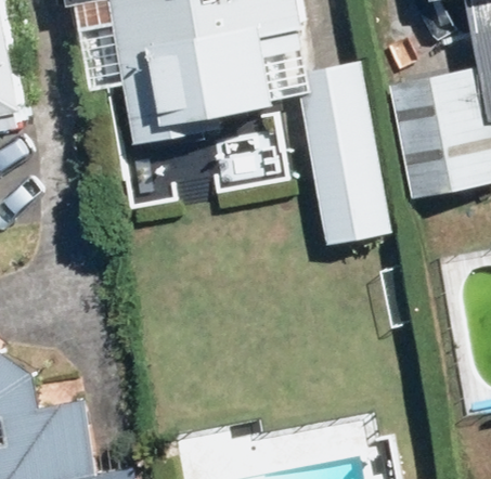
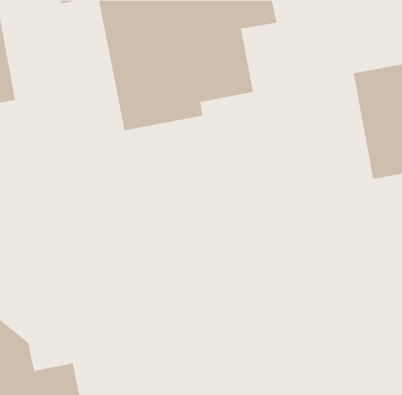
building: [294,61,391,245] -> none

